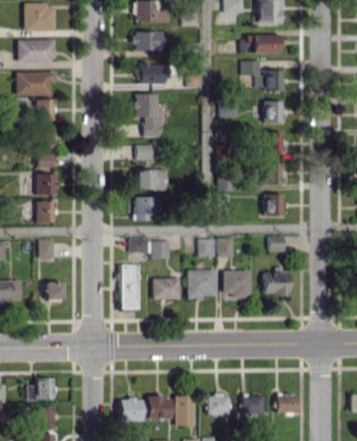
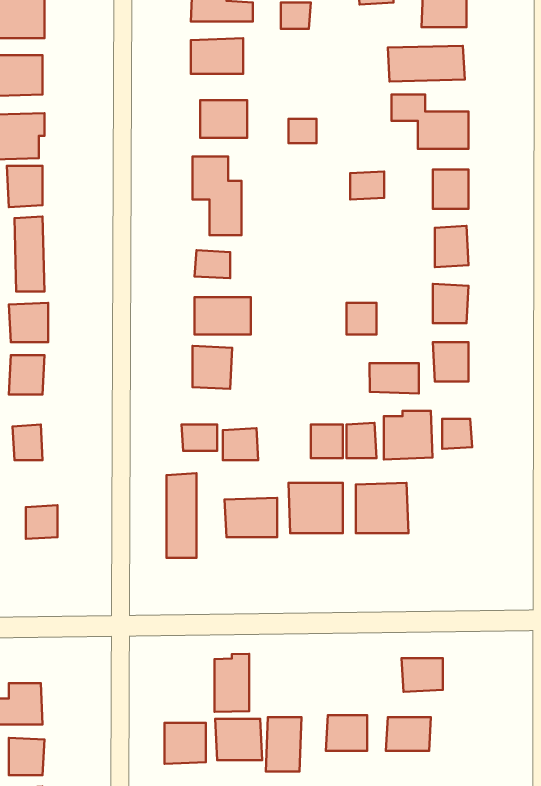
building: none -> [370,363,419,393]
building: [264,269,290,296] -> [384,411,433,459]
building: none -> [214,654,249,712]
building: [275,395,298,413] -> [402,658,443,692]

